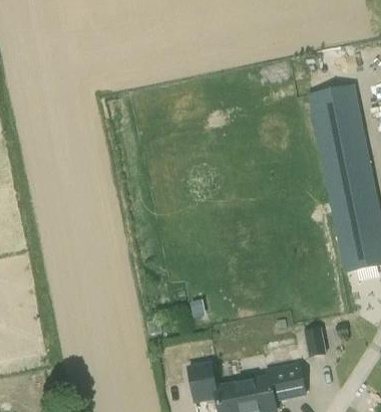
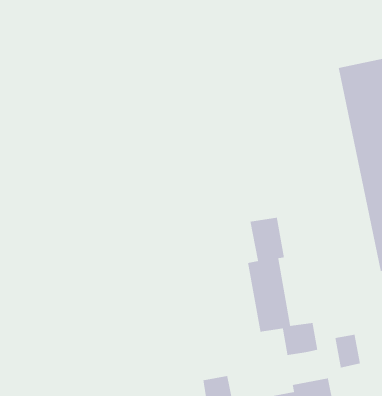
building: none -> [247,217,318,356]

